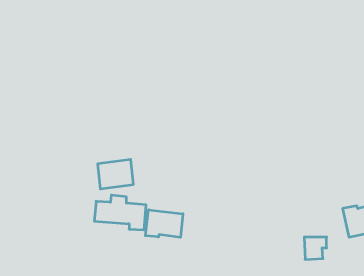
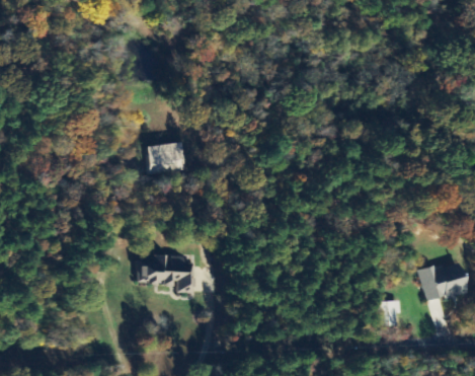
building: [98,159,133,189] -> [149,141,189,174]
building: [145,210,183,237] -> none

